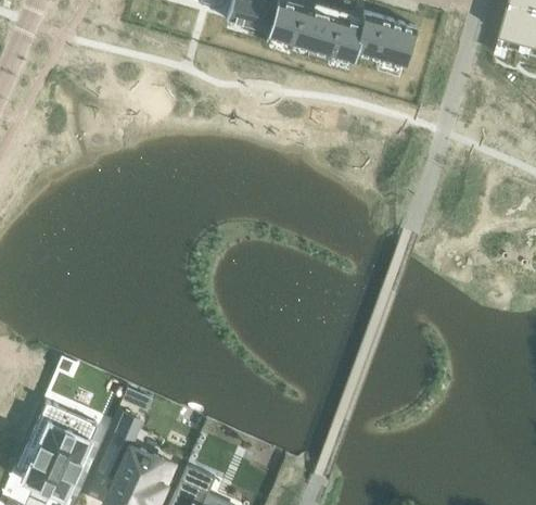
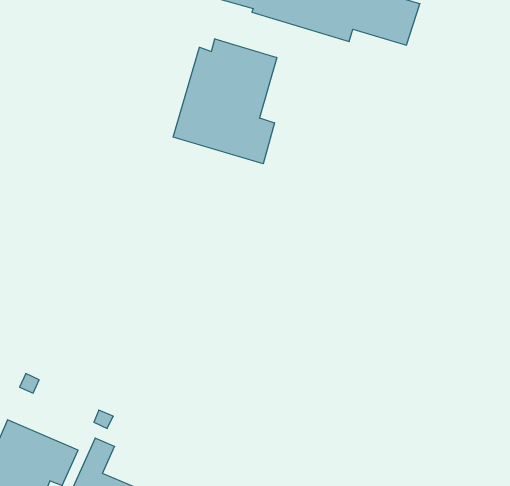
building: none -> [173,39,277,164]

